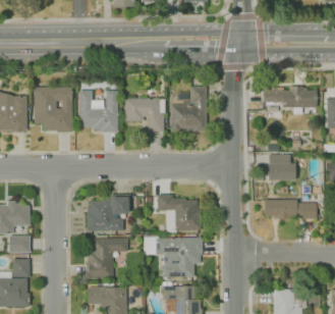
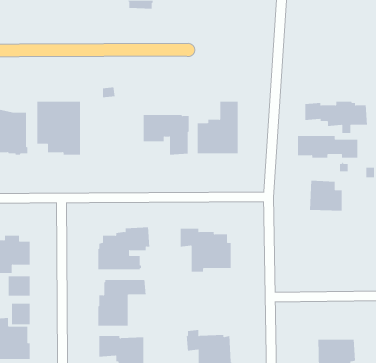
building: [79,91,118,133] -> none
building: [265,200,317,219] -> [297,135,358,158]
building: [146,236,202,279] -> none

